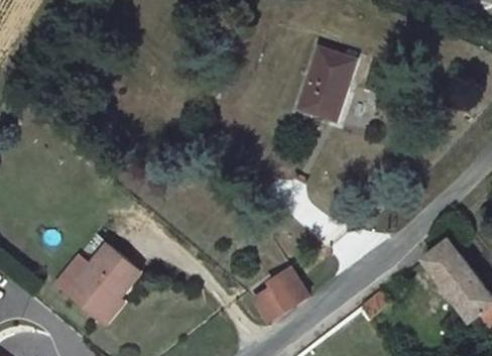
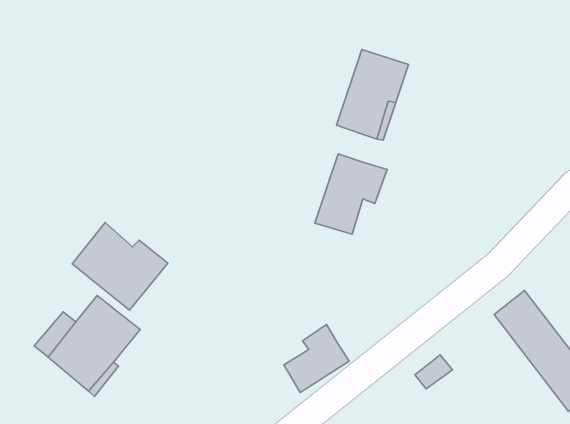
building: none -> [315,154,387,234]
building: none -> [72,223,168,310]

